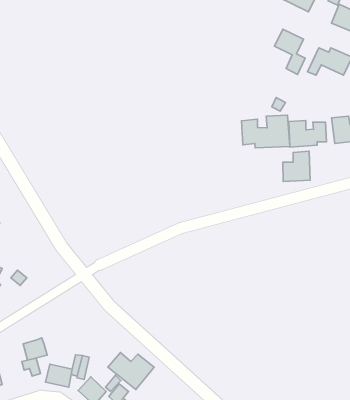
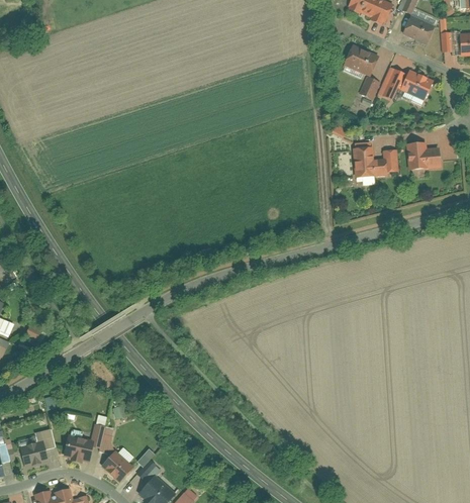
building: [242,115,290,148] -> none
building: [283,151,310,181] -> none
building: [23,338,47,360] -> [24,441,53,468]
building: [108,352,154,390] -> none

